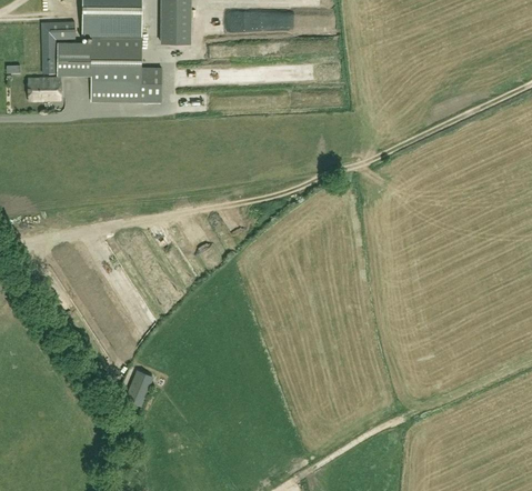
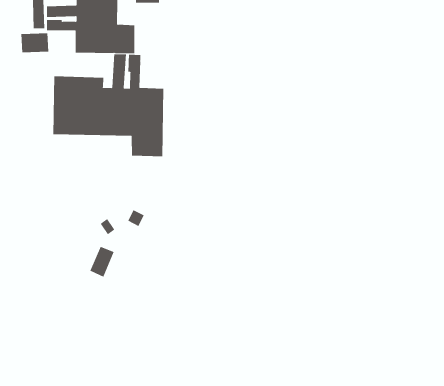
building: none -> [53,53,164,157]
building: [123,369,152,405] -> [90,246,115,278]

